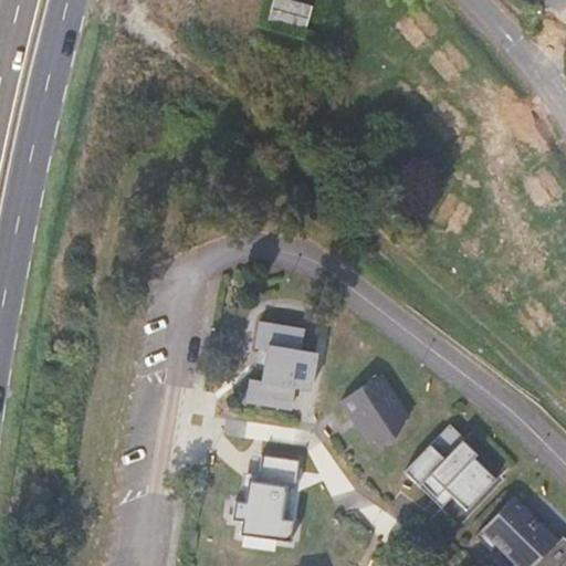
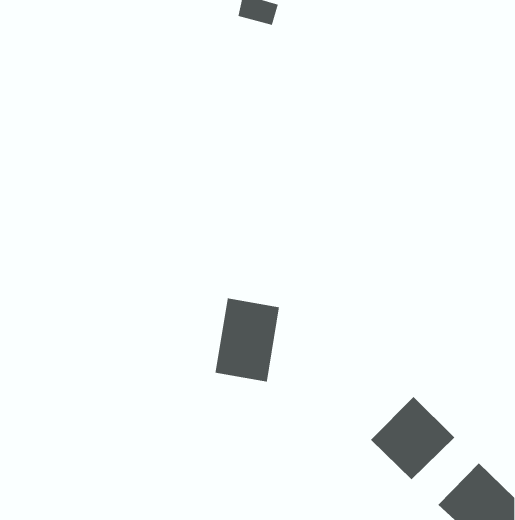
building: [344,380,407,444] -> none
building: [232,453,302,545] -> none

